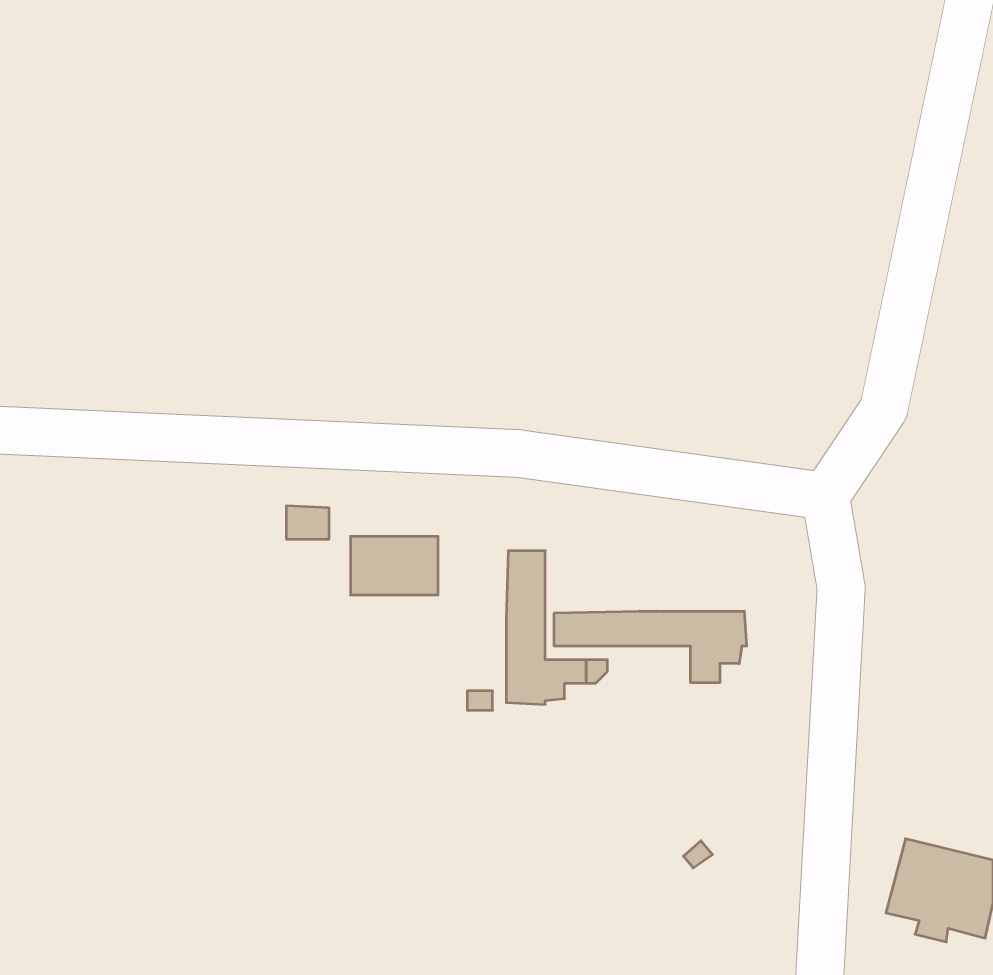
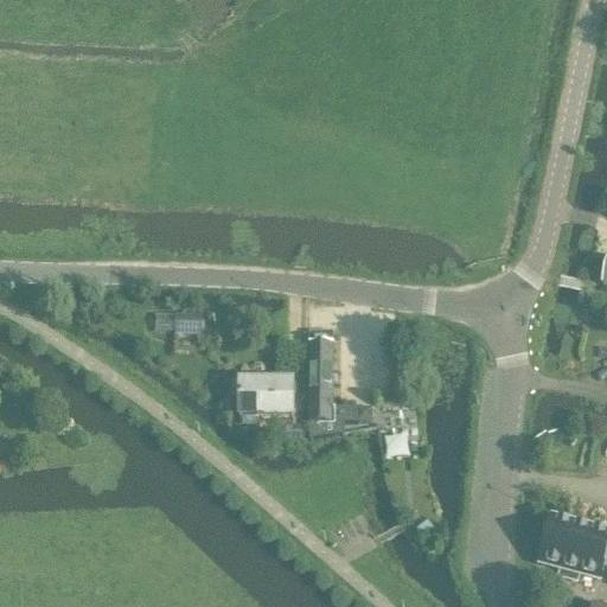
building: [350,536,438,595] -> [239,376,293,411]
building: [554,611,747,683] -> none

